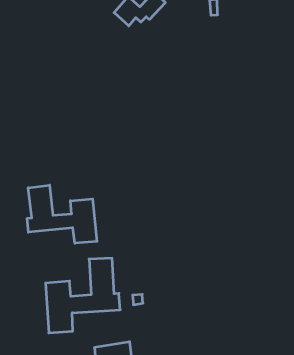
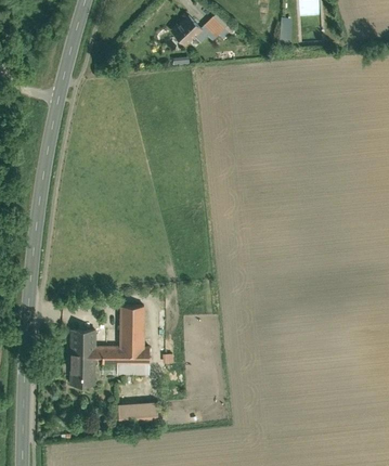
building: [27,185,97,243] -> none

